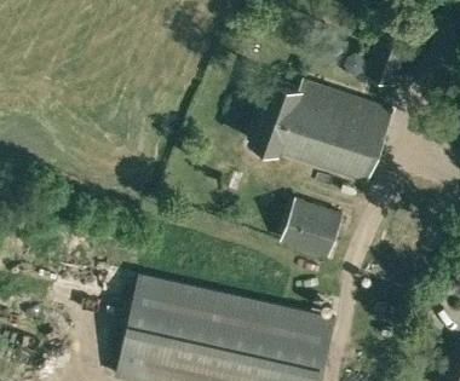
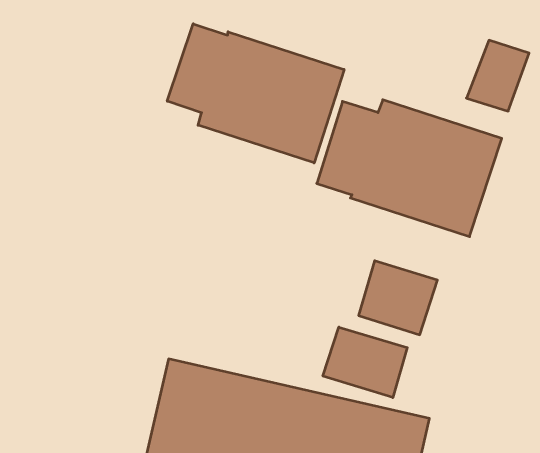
building: none -> [167,24,344,163]
building: none -> [323,327,407,398]

